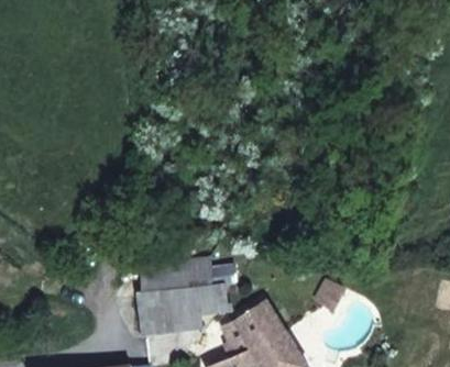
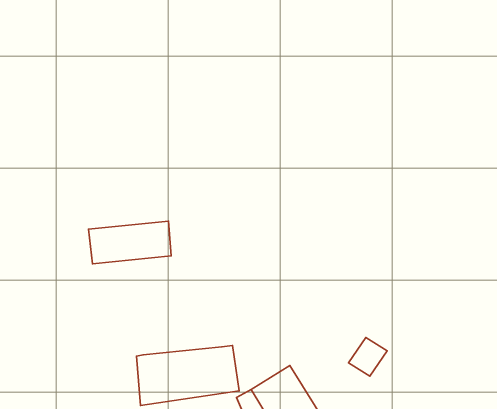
building: [141,257,209,292] -> [89,221,171,264]

